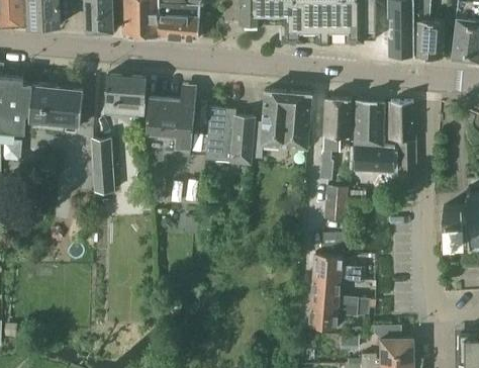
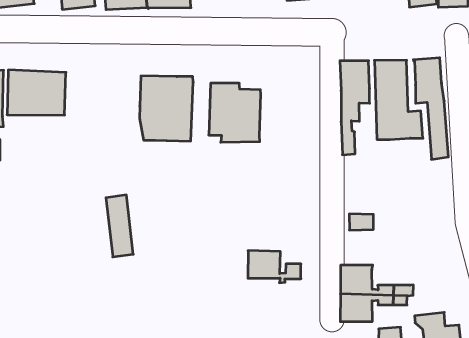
building: [105,75,147,116] -> none
building: [250,90,311,158] -> none
building: [93,139,113,192] -> [106,195,133,257]
building: [324,185,347,219] -> none
building: [312,253,360,283] -> [248,251,301,283]

